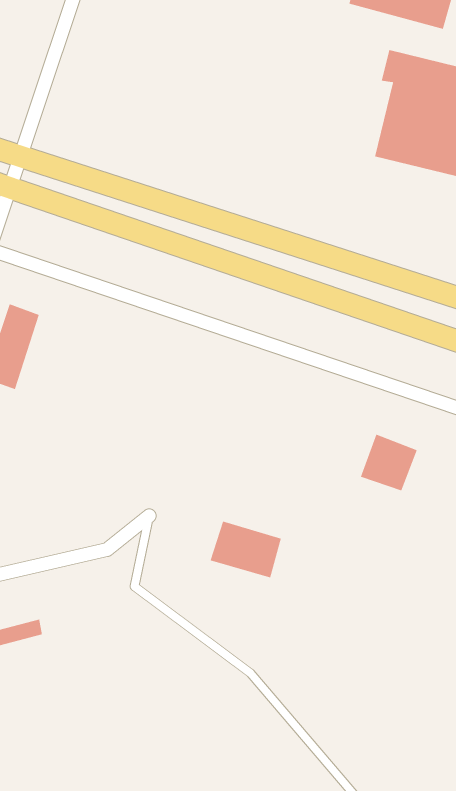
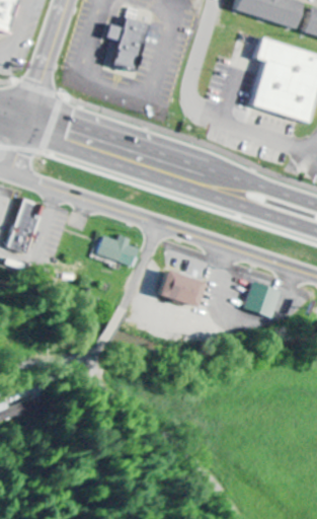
building: none -> [104,17,145,69]
building: none -> [96,234,139,267]
building: [210,520,282,578] -> [157,271,203,307]

